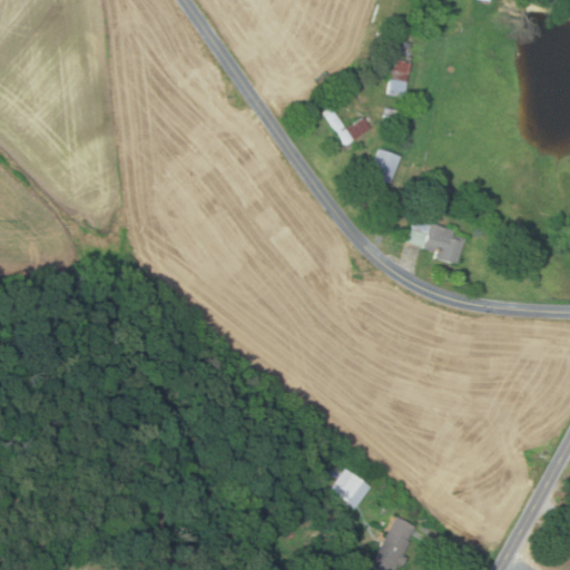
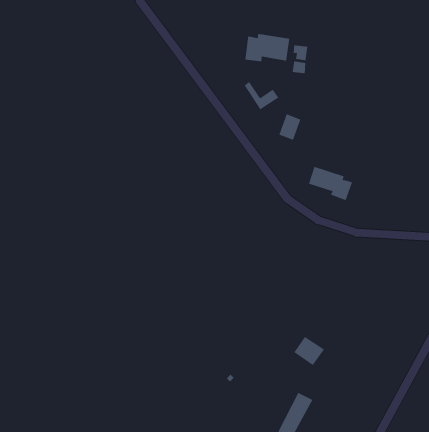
building: none -> [245,33,290,62]
building: [331,469,372,508] -> [294,336,325,366]

